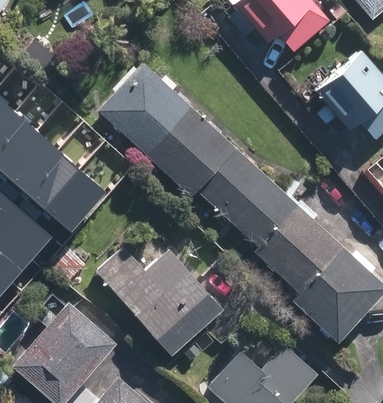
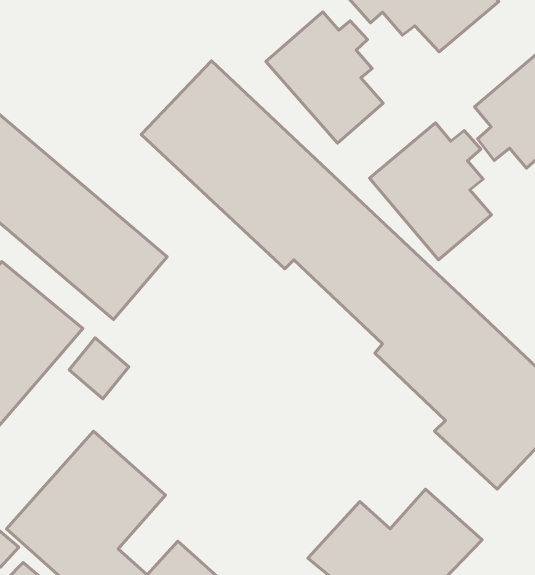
building: none -> [266,12,383,143]
building: none -> [370,123,491,260]
building: [96,245,223,356] -> none

